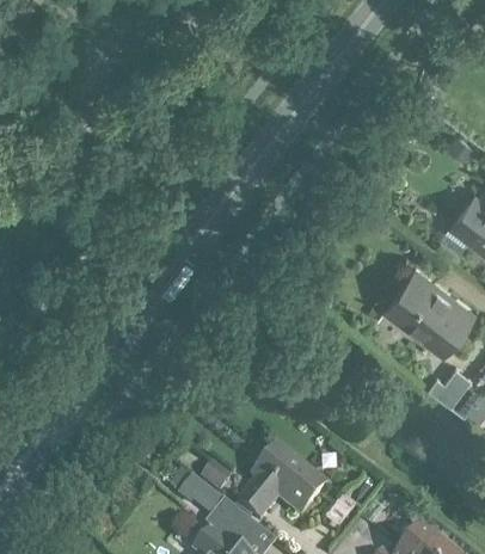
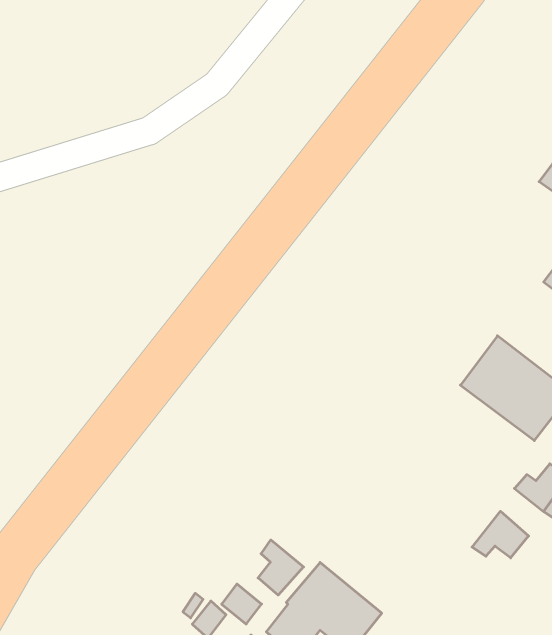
building: none -> [472,511,529,558]
building: none -> [258,540,304,595]

